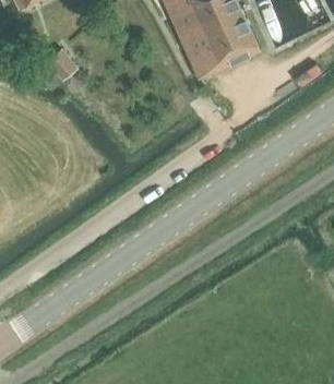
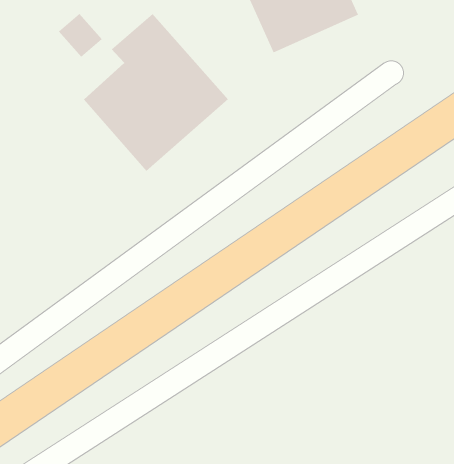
building: none -> [83,13,229,172]

